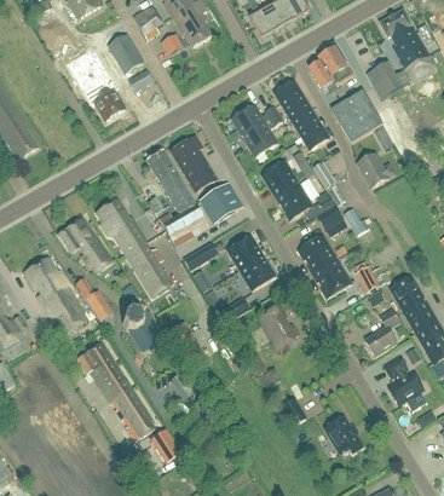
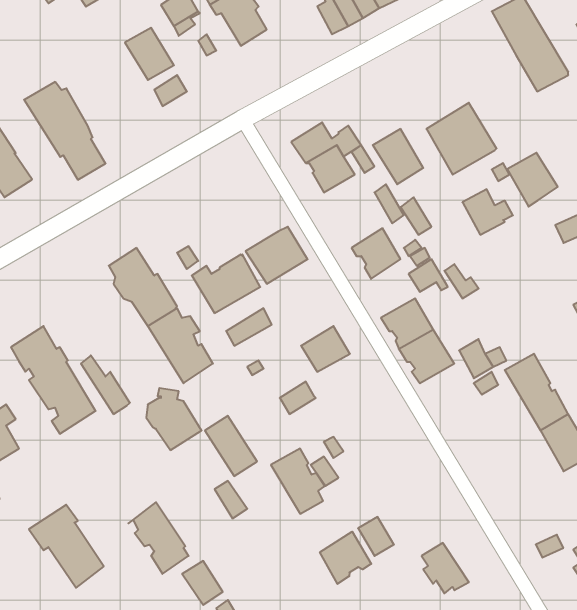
building: [309,47,353,90] -> none
building: [67,48,127,121] -> [24,82,106,180]
building: [367,60,404,100] -> [507,153,558,207]
building: [275,80,312,121] -> none
building: [169,134,217,191] -> none
building: [145,149,194,212] -> none
building: [263,161,299,197] -> none
building: [57,217,111,271] -> none
building: [226,235,263,270] -> none
building: [258,305,298,353] -> [271,449,325,514]
building: [364,308,399,357] -> none
building: [75,340,131,402] -> [29,505,104,588]
building: [384,356,423,404] -> none
building: none -> [320,532,371,584]

